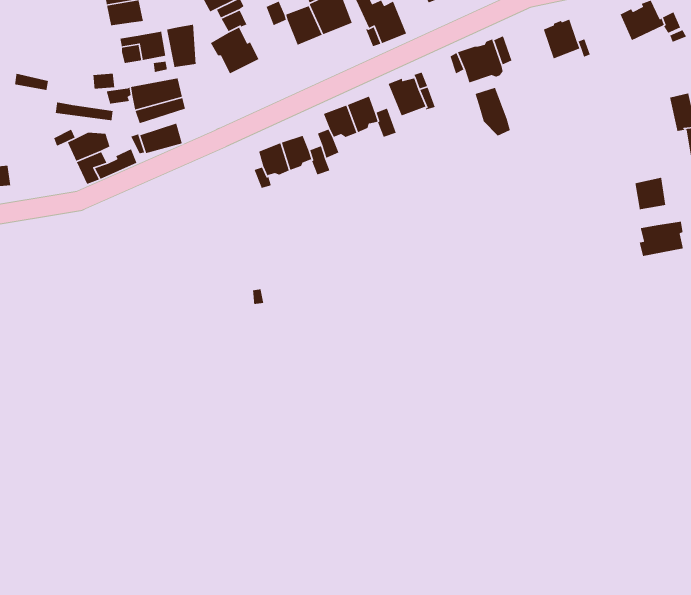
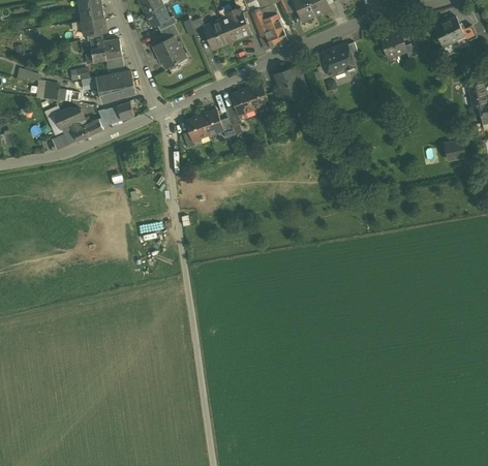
building: [166,24,197,68] -> none
building: [474,87,511,137] -> none
building: [639,221,684,257] -> none

